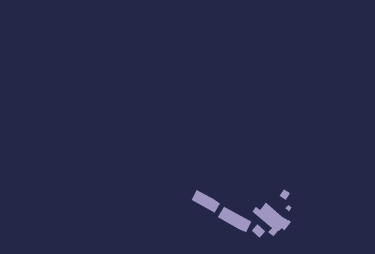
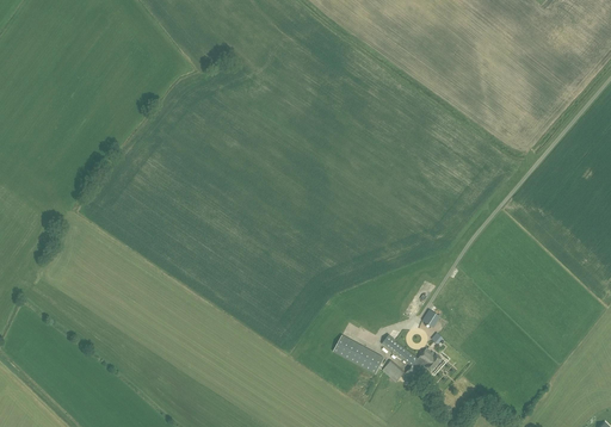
building: [191,189,221,213] -> none

